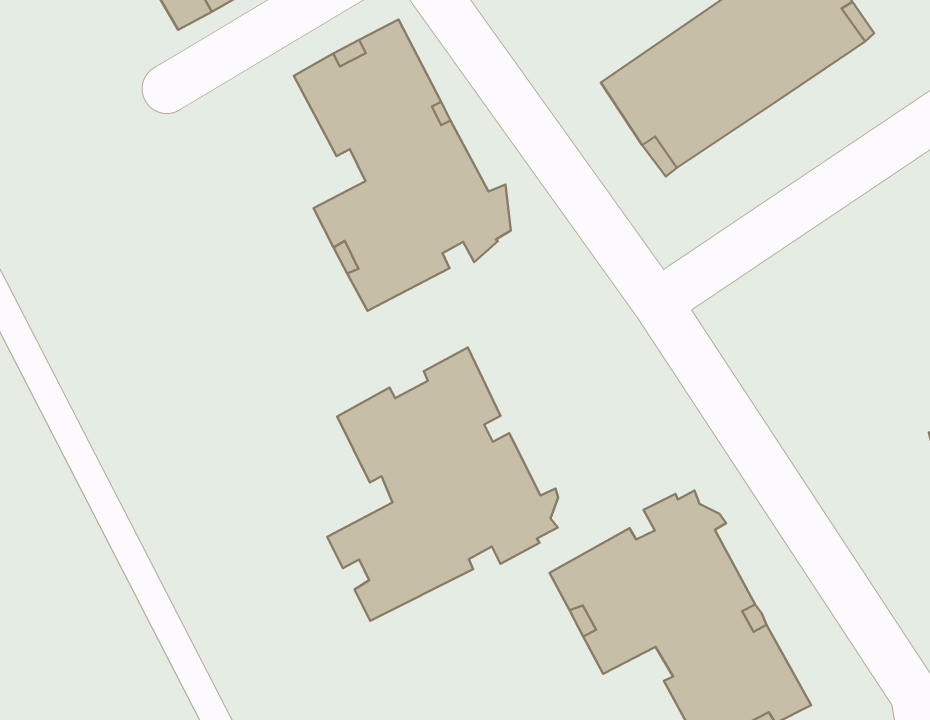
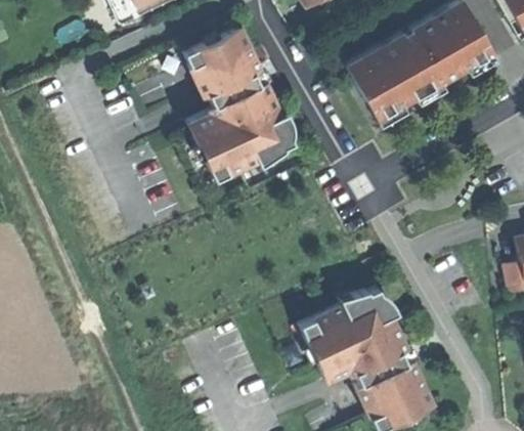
building: [327,348,558,621] -> none

